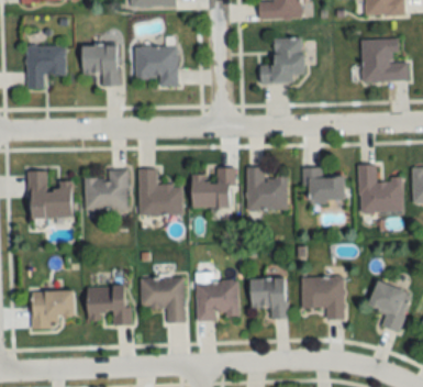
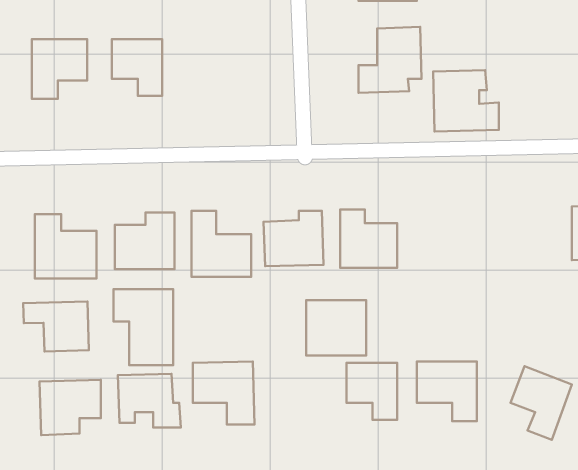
building: [360,38,408,82] -> [433,70,499,132]
building: [134,46,178,88] -> none
building: [358,165,403,213] -> none
building: [303,168,345,203] -> none
building: none -> [114,289,173,365]
building: none -> [23,301,89,351]
building: [196,280,238,320] -> [306,300,366,356]

